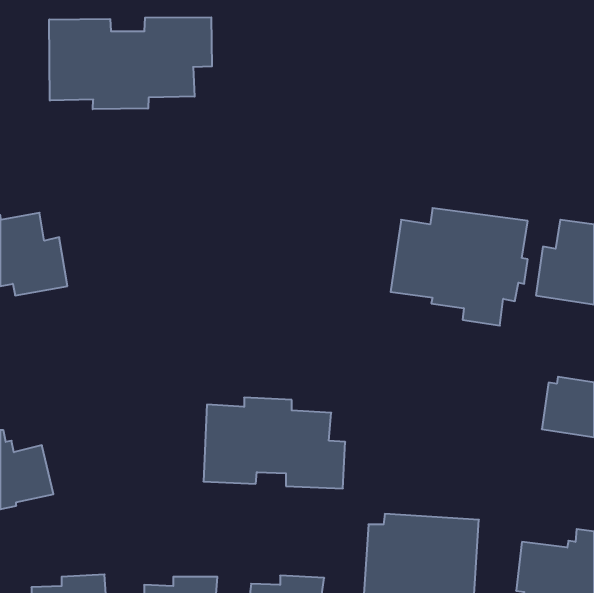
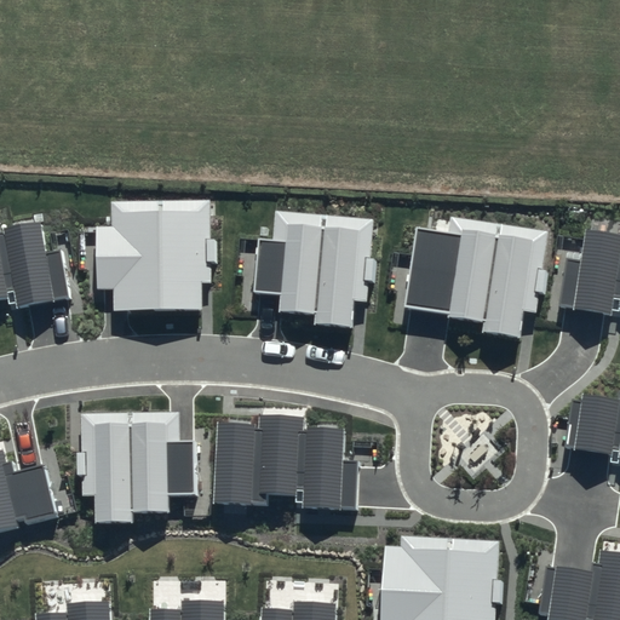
building: [49,17,212,109] -> none
building: none -> [96,202,216,311]
building: none -> [253,212,377,327]
building: none -> [81,414,195,524]

